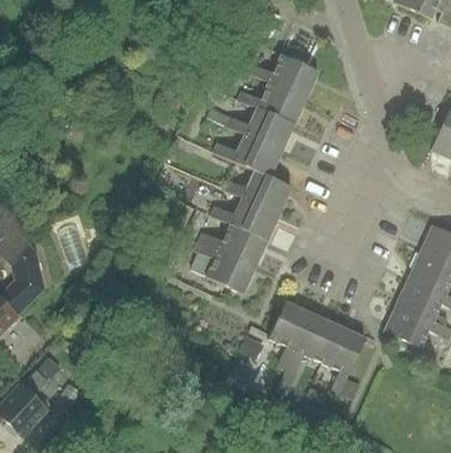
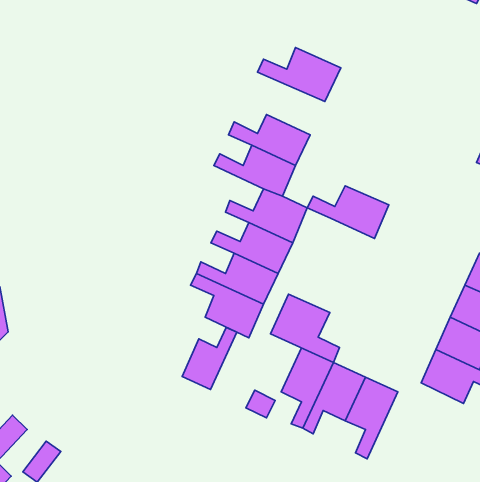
building: [238,82,305,125] -> [307,186,389,239]
building: none -> [270,294,340,362]
building: none -> [182,328,237,390]

